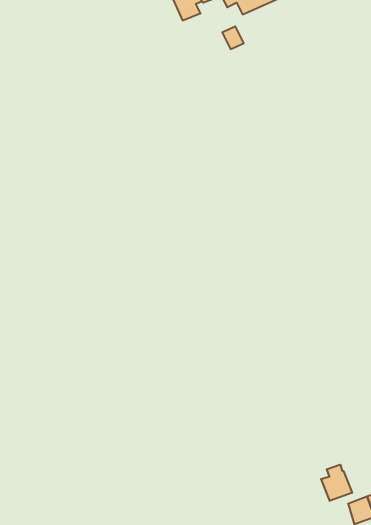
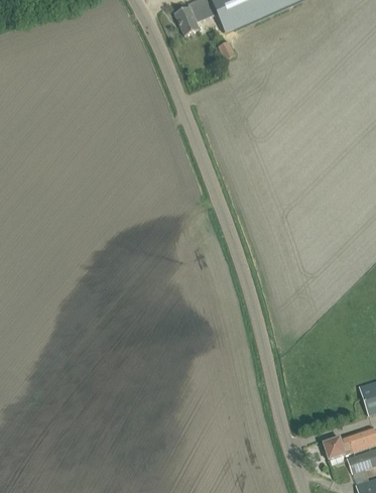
building: [321,465,352,501] -> none

